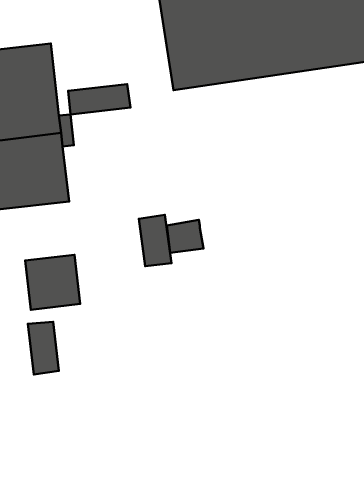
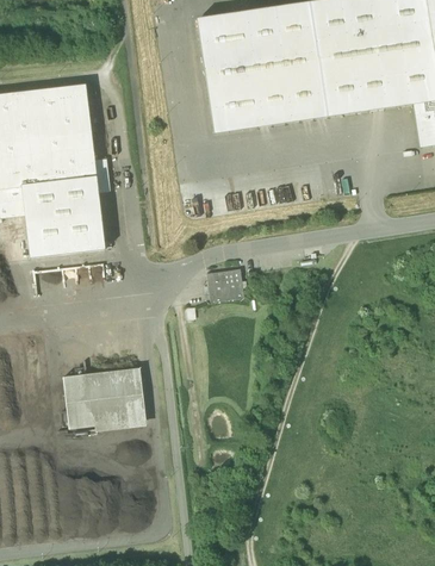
building: [68,84,130,114] -> none
building: [139,215,172,266] -> none
building: [25,255,80,310] -> [88,367,145,424]

